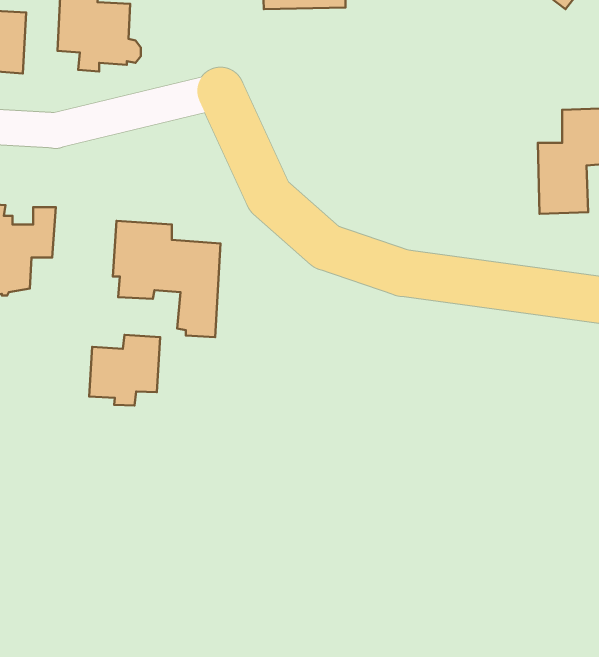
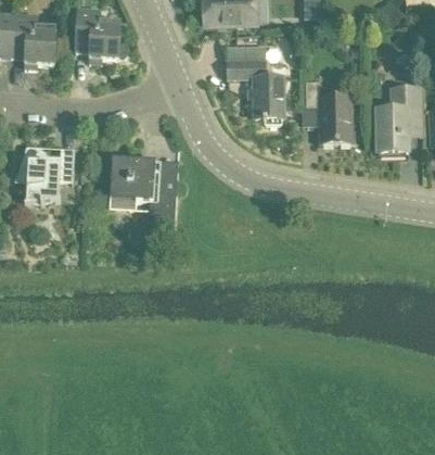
building: none -> [227,58,282,118]
building: none -> [305,80,351,143]
building: [89,335,160,406] -> none

